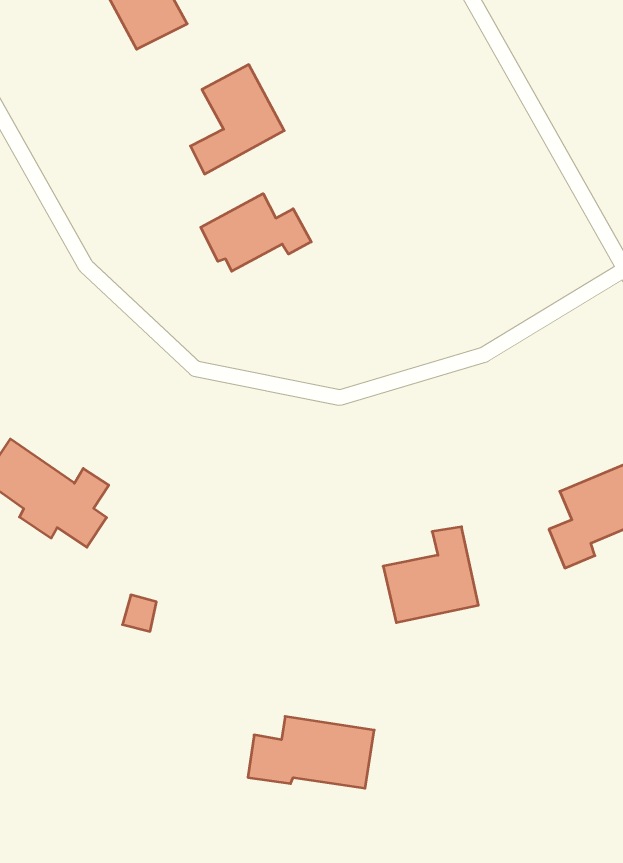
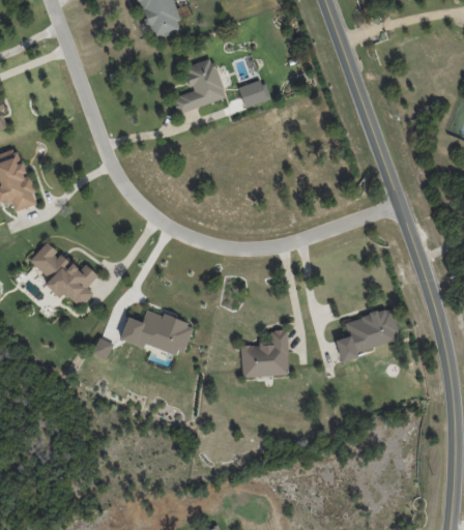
building: none -> [238,79,270,108]
building: [201,194,311,271] -> none
building: [248,716,374,788] -> [120,310,194,356]

